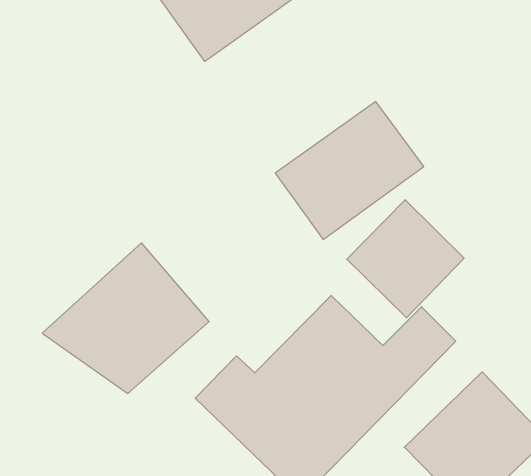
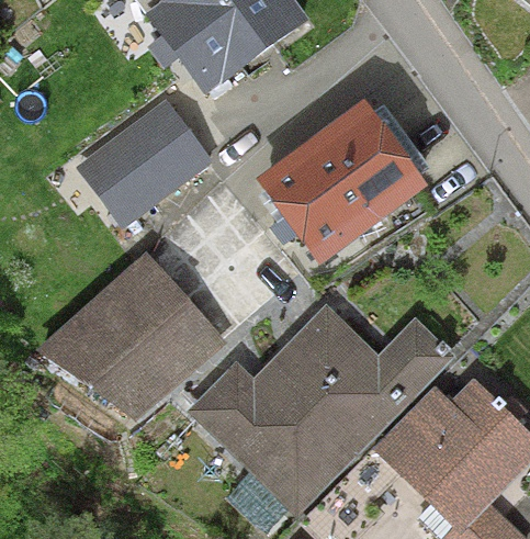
building: none -> [83,108,202,218]
building: [347,200,464,318] -> none

